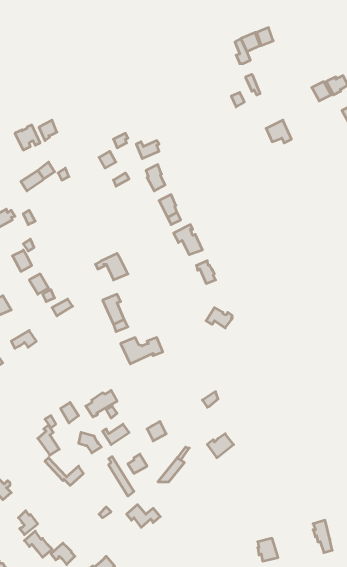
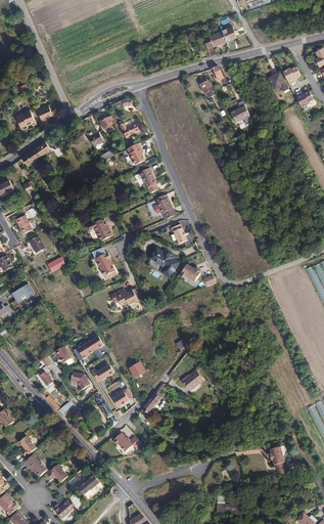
building: none -> [150,248,178,276]

